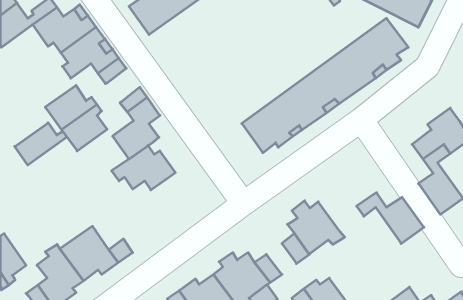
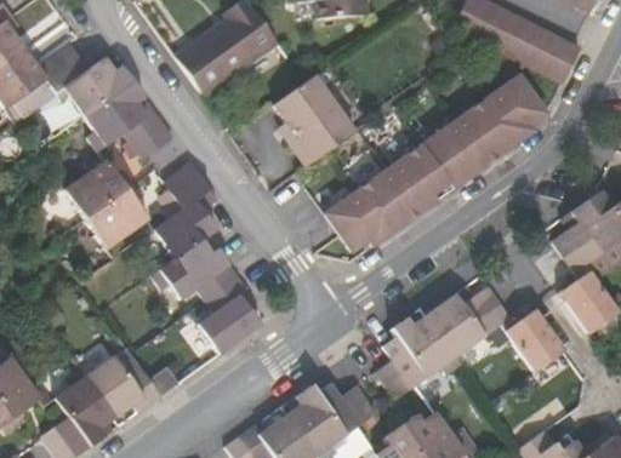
building: none -> [273,75,354,166]
building: [15,123,67,165] -> none
building: none -> [196,277,260,354]
building: none -> [427,284,505,356]

